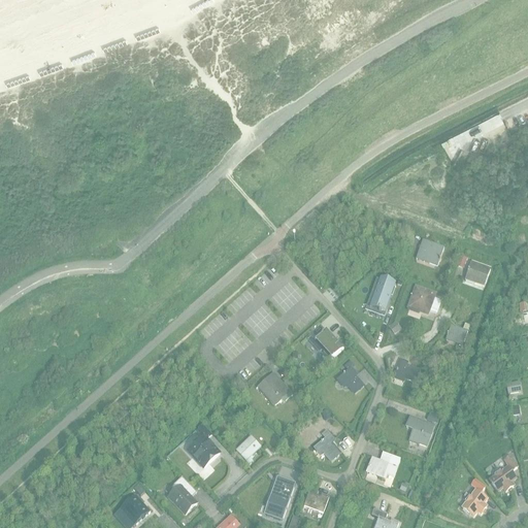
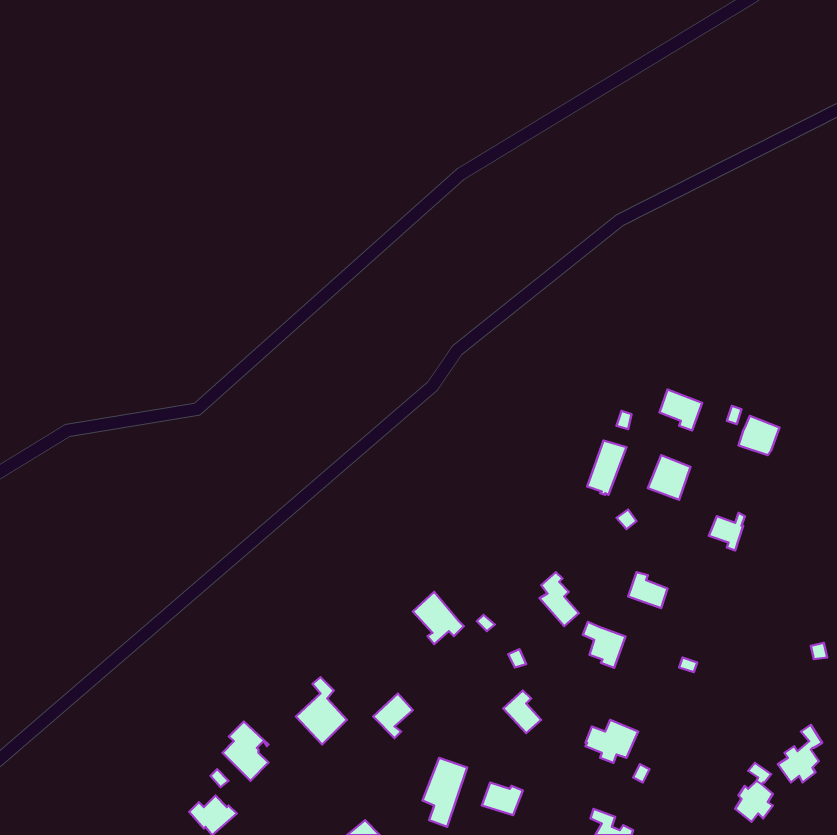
building: [314,329,341,358] -> none
building: [405,416,432,444] -> [583,622,626,668]
building: [166,476,195,514] -> [222,722,268,781]

